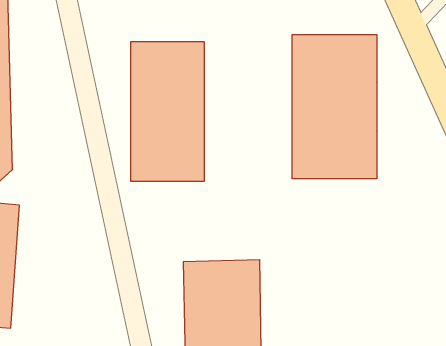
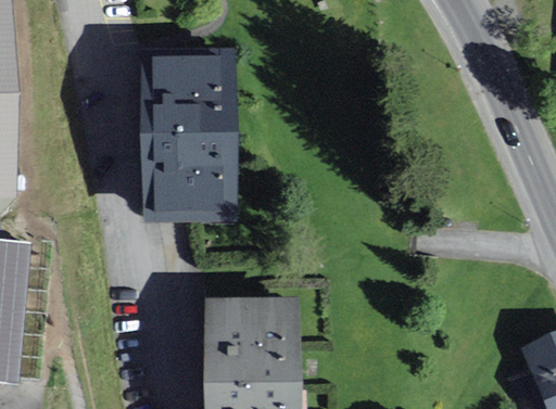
building: [292,35,377,179] -> none

